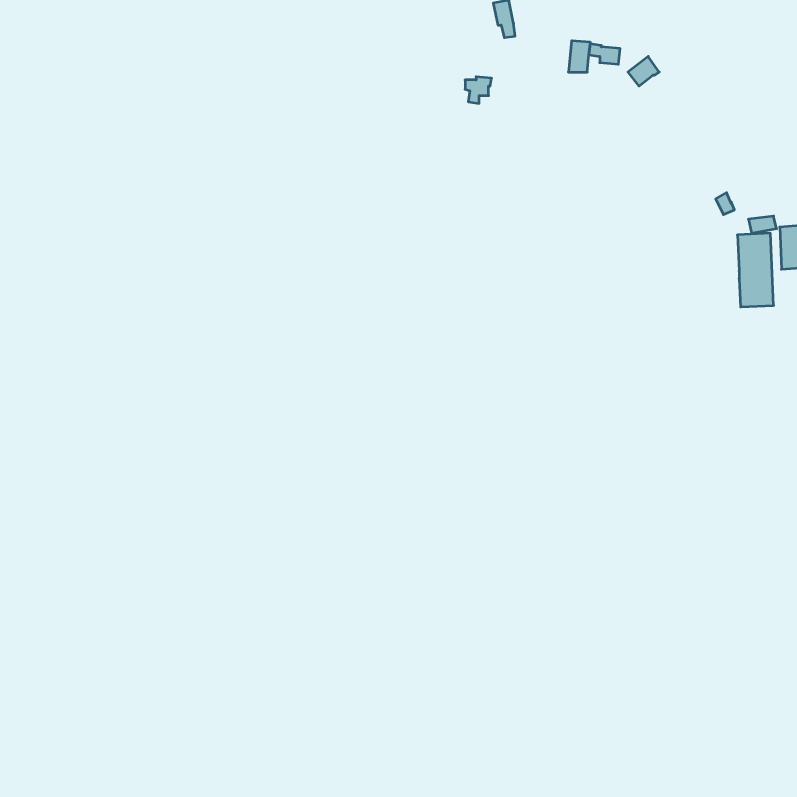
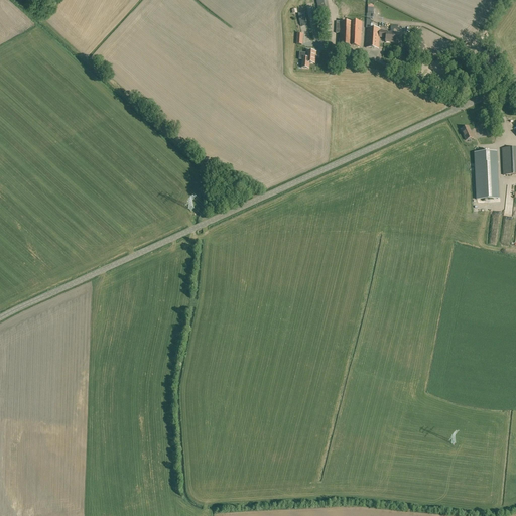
building: none -> [345,19,361,44]

